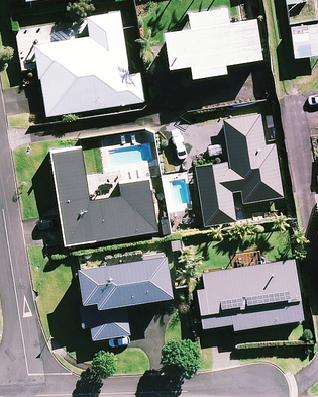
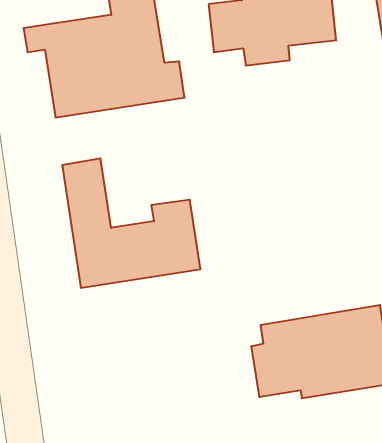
building: [198,116,284,227] -> none
building: [78,255,172,340] -> none

